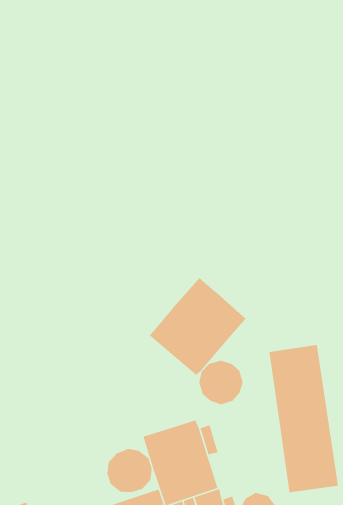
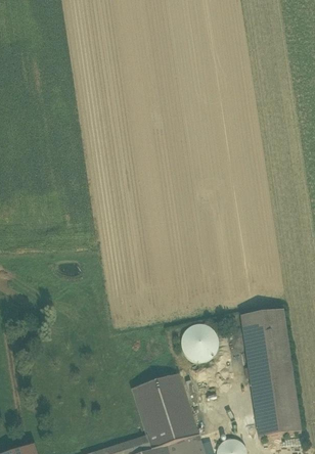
building: [149,277,246,376] -> none
building: [107,448,152,493] -> none

